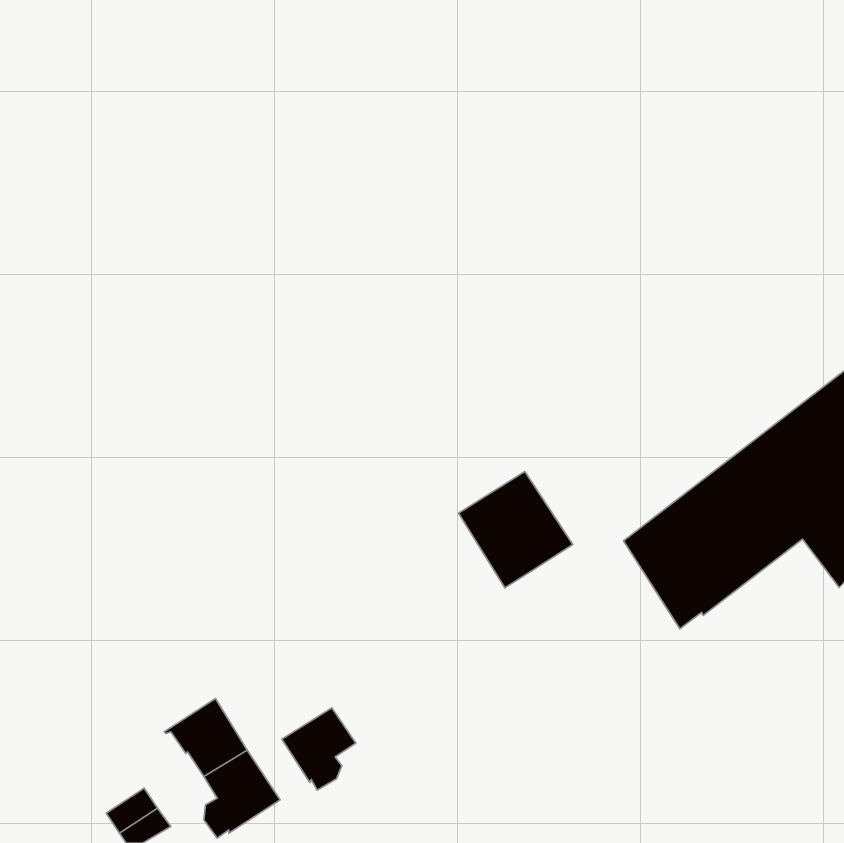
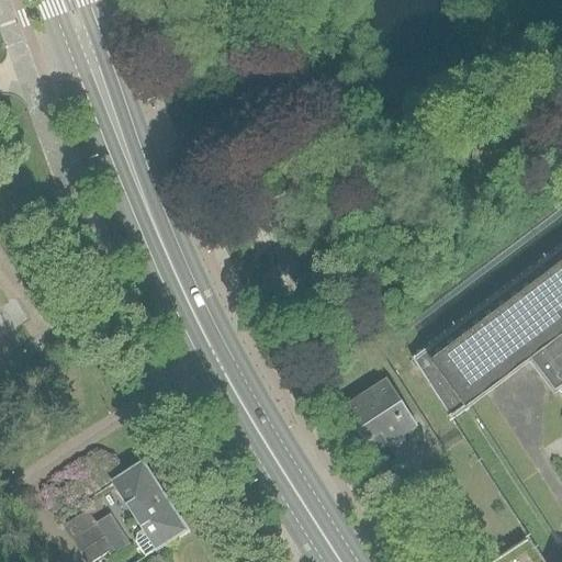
building: [458,472,573,588] -> [344,378,419,454]
building: [282,708,356,790] -> none

